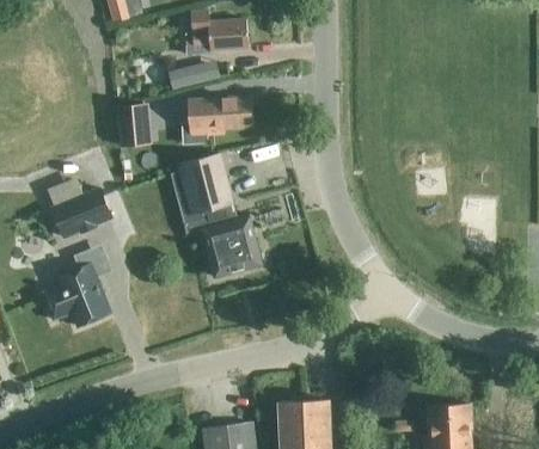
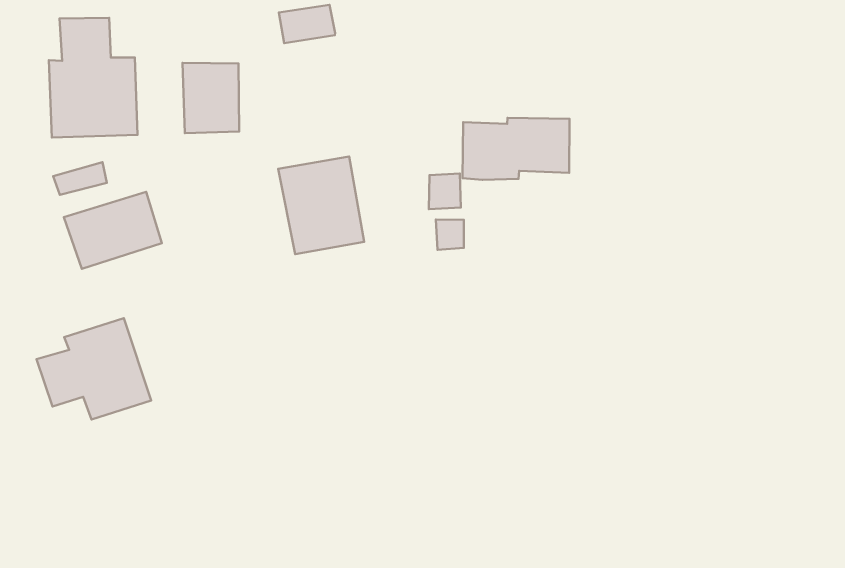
building: none -> [49,18,138,137]
building: [188,96,253,136] -> [463,118,569,180]
building: [201,216,262,277] -> none

